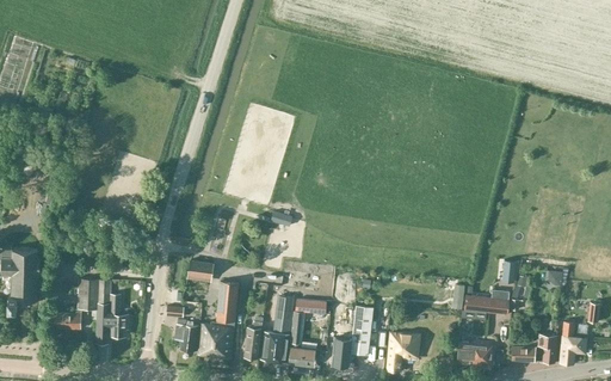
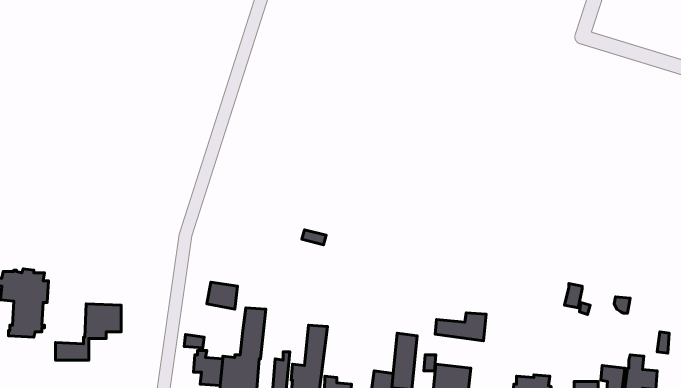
building: [463,289,508,314] -> [435,313,486,341]
building: [94,296,126,342] -> none
building: [289,297,326,343] -> none

